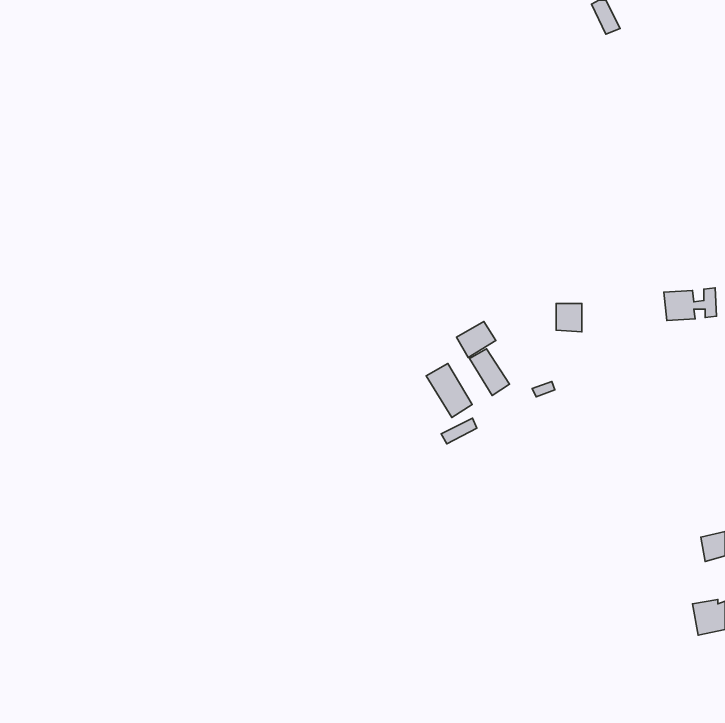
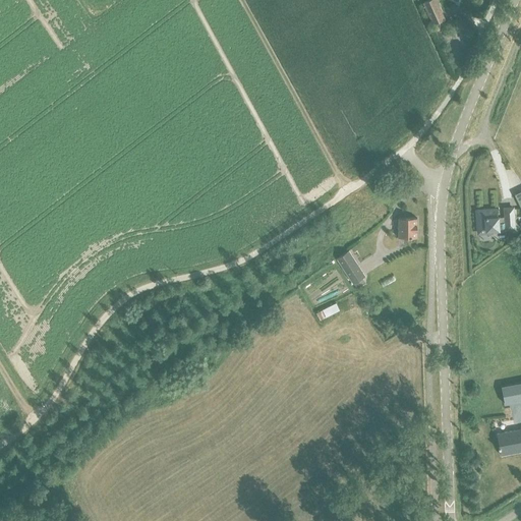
building: [456,321,496,357] -> none
building: [426,364,472,417] -> none

